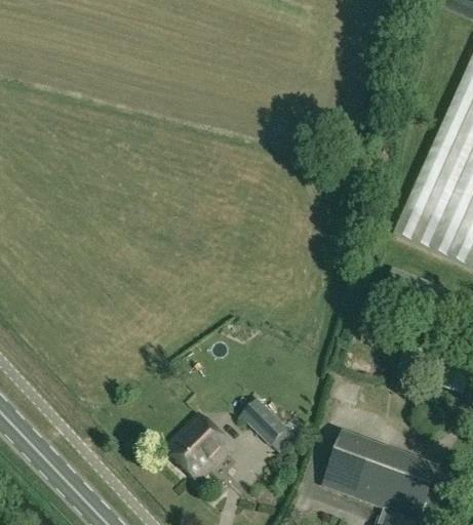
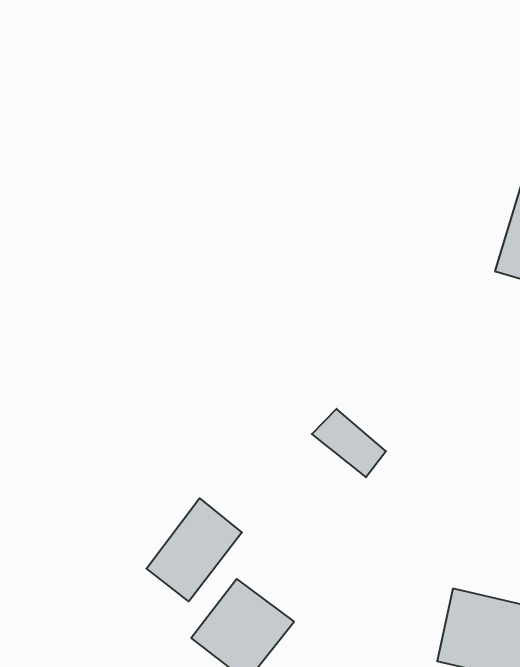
building: none -> [146,498,242,601]
building: [238,396,285,443] -> [312,409,386,477]

